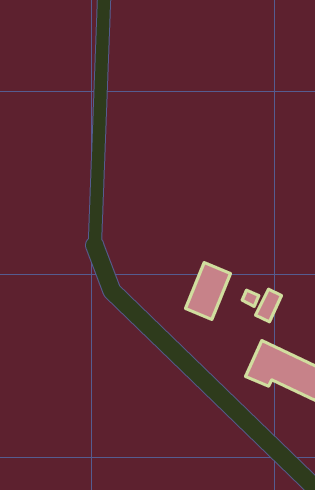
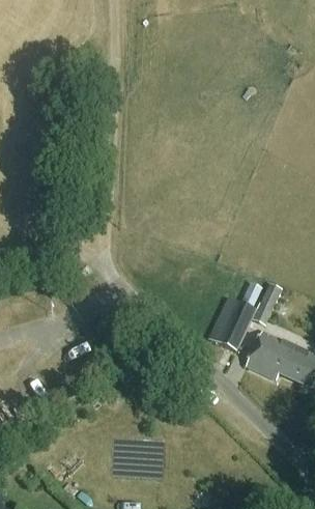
building: [186,263,230,319] -> [210,299,253,352]

